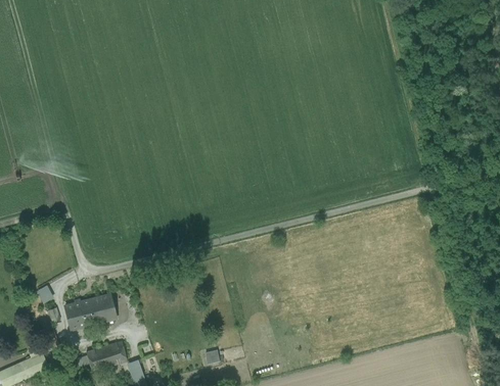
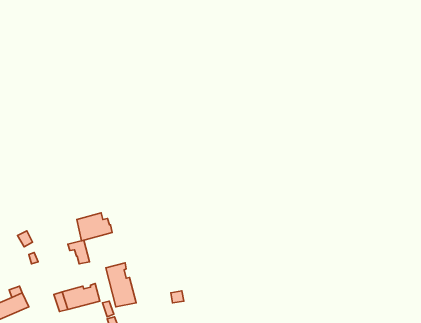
building: [65,298,104,329] -> [77,213,112,241]
building: none -> [106,263,136,307]

